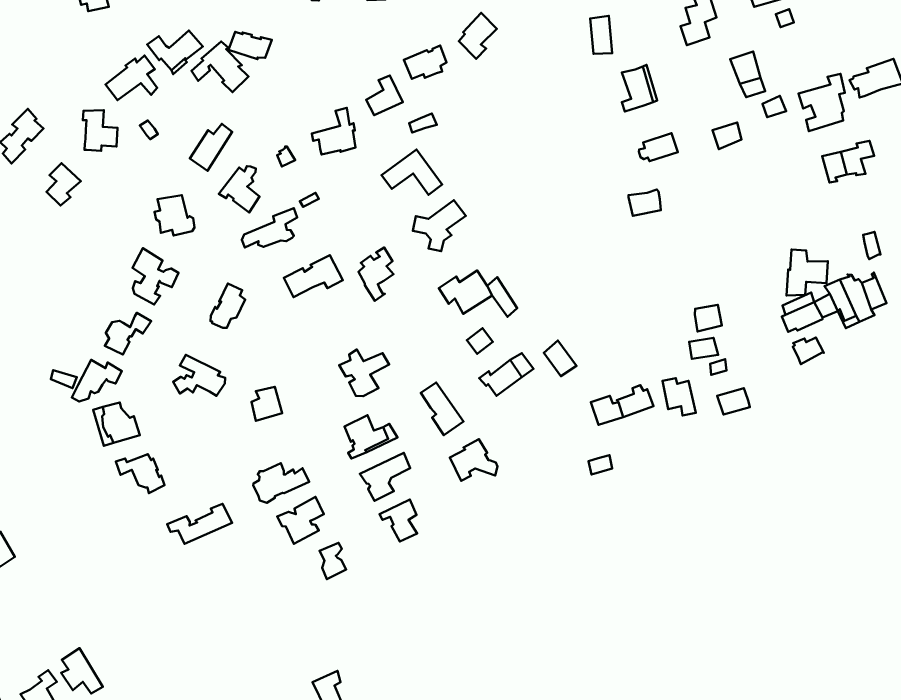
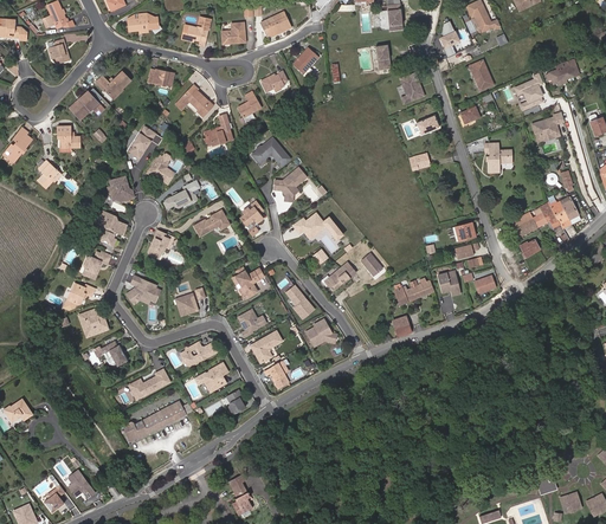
building: [191,41,249,92] -> [176,85,213,117]
building: [787,249,828,295] -> [488,143,512,173]
building: none -> [123,402,193,442]

